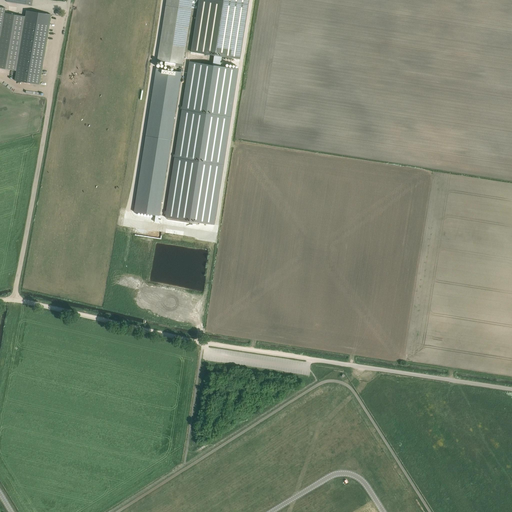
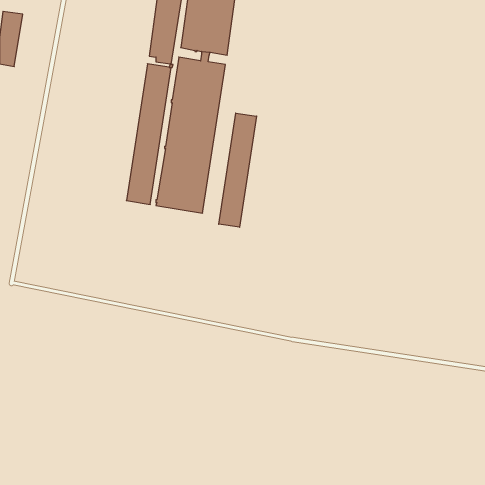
building: [13,9,50,84] -> none
building: none -> [219,113,257,227]

